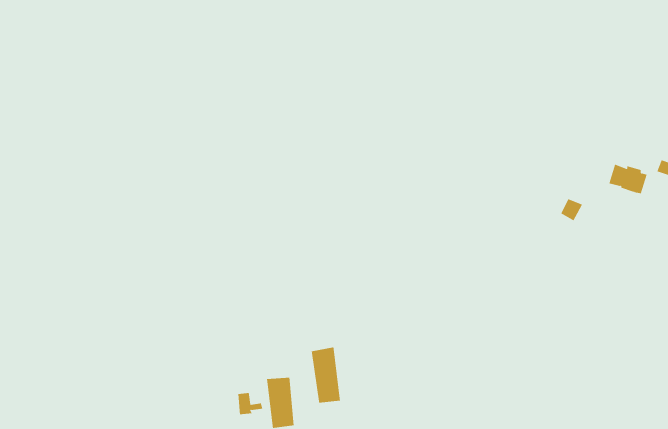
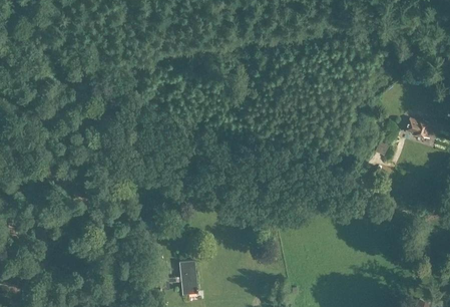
building: [311,347,341,404] -> none

